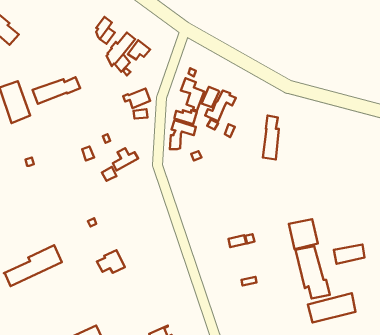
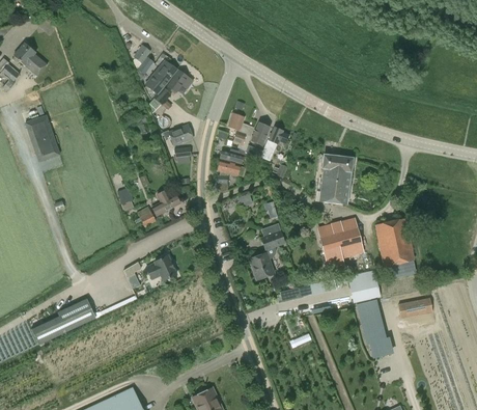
building: [32,77,80,104] -> none
building: none -> [333,156,353,203]
building: none -> [373,217,416,279]
building: none -> [317,218,363,269]
building: none -> [252,222,285,279]
building: [97,250,125,273] -> [145,254,176,279]
building: [308,293,355,323] -> none

